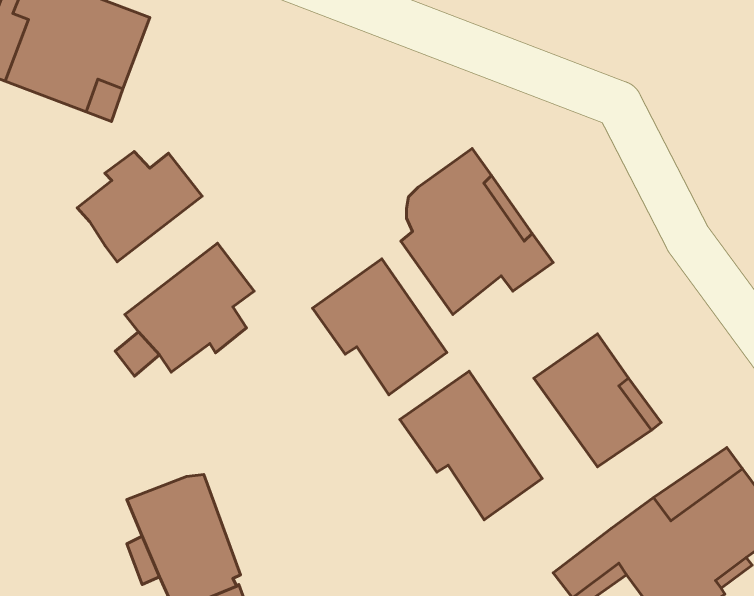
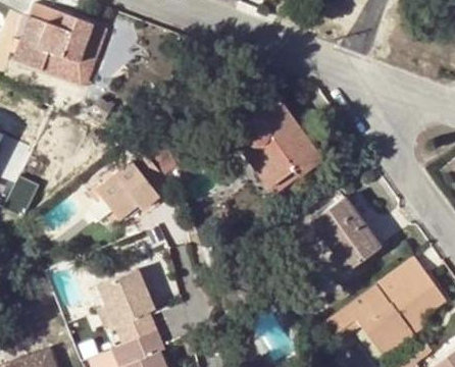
building: [77,152,202,262] -> none
building: [312,259,447,395] -> none
building: [400,371,542,520] -> none

